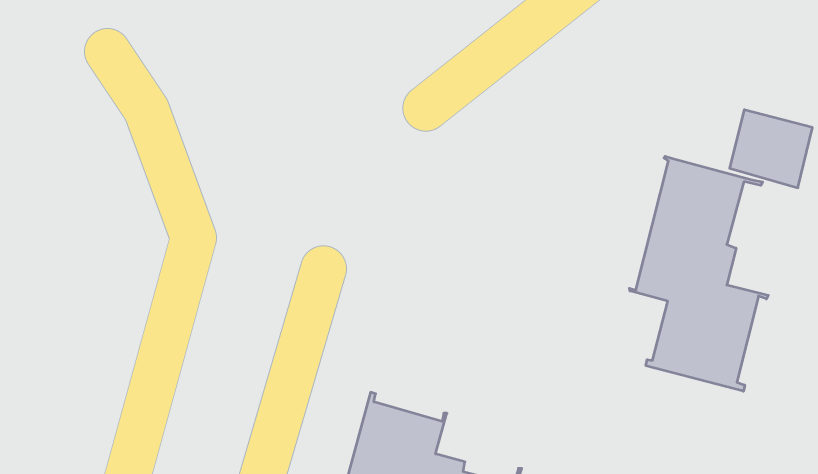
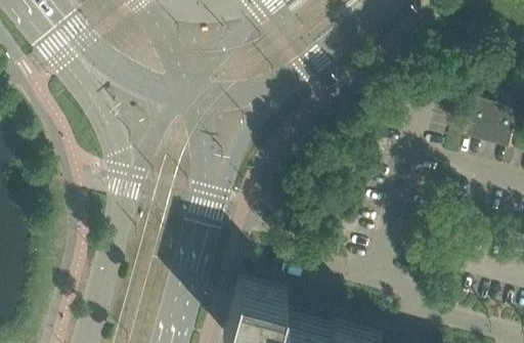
building: [629,156,768,391] -> none

